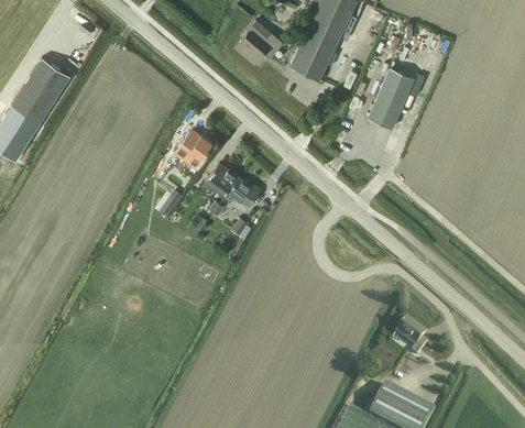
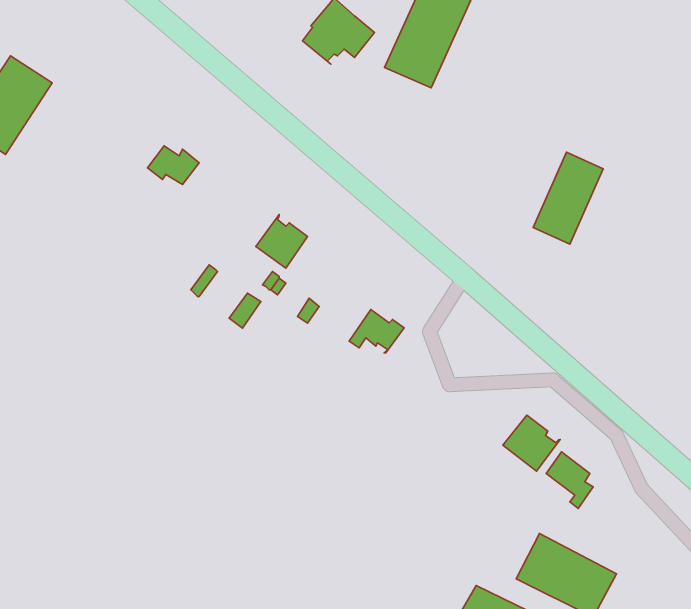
building: [368,69,414,130] -> [533,152,603,244]
building: [177,134,211,160] -> [147,146,199,184]
building: [223,179,260,208] -> [349,309,404,353]
building: none -> [503,415,560,471]

